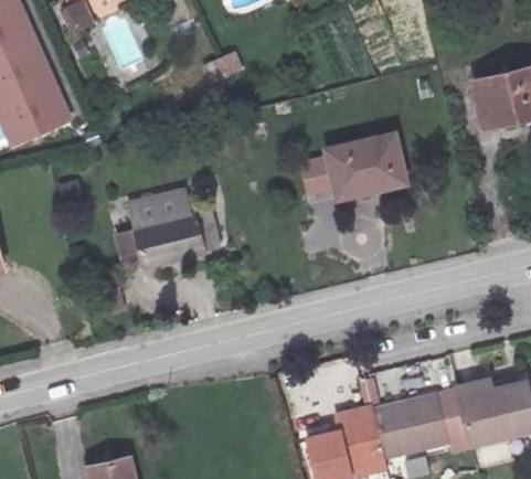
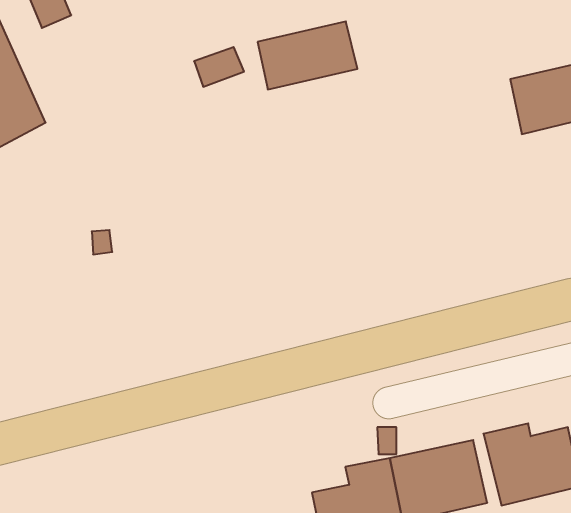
building: [319,136,405,194] -> [258,21,357,89]
building: [138,195,229,253] -> none

